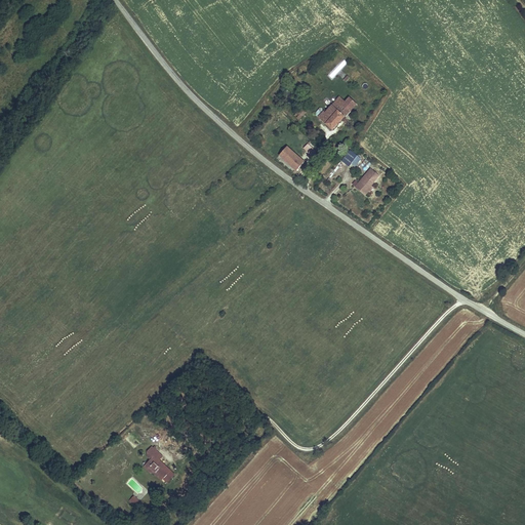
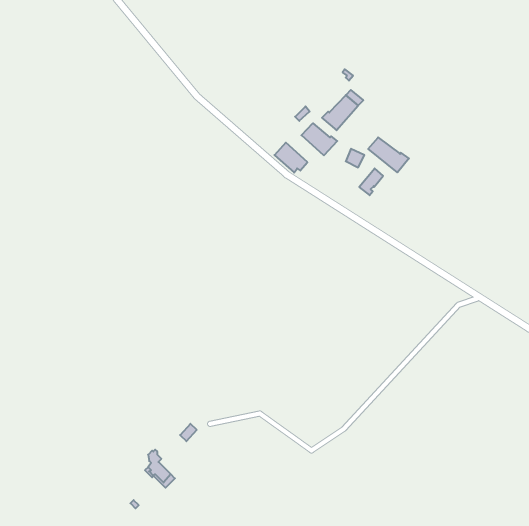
building: none -> [301,123,337,155]
building: none -> [368,137,409,172]

